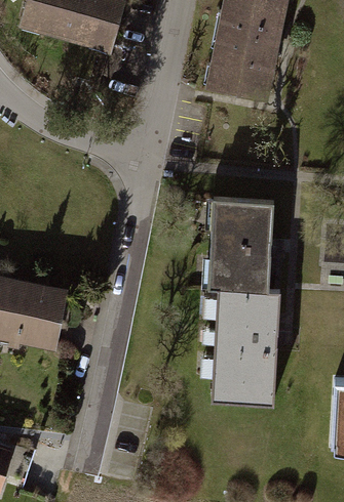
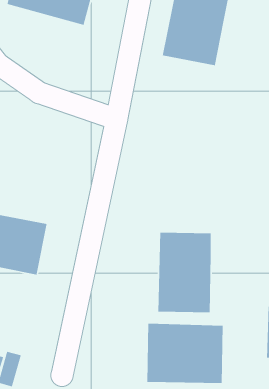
building: [206,201,271,299] -> none
building: none -> [146,323,223,384]

